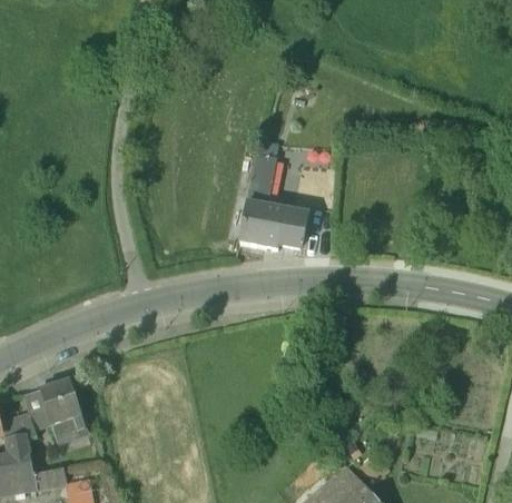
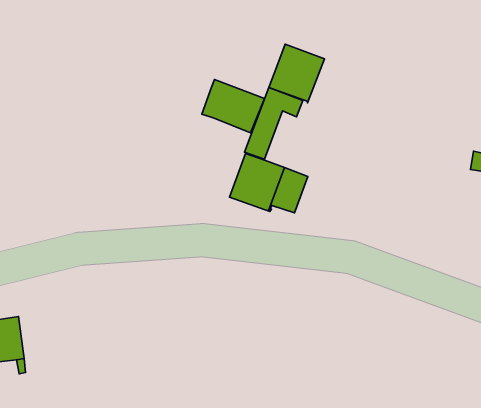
building: none -> [269,44,324,103]
building: none -> [202,80,265,133]

